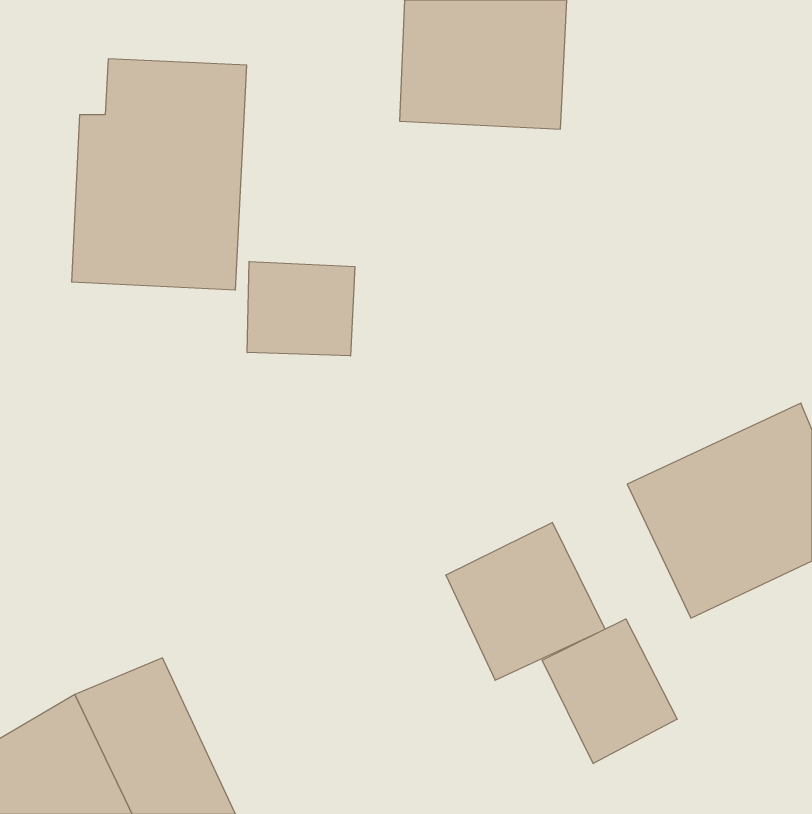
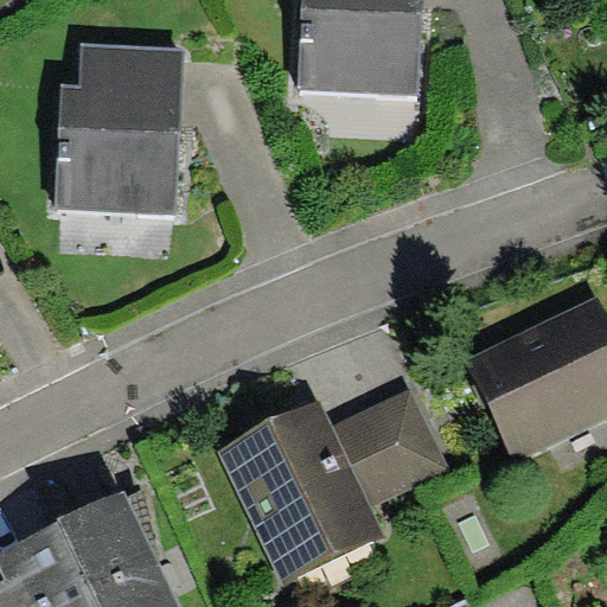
building: [247,261,355,356] -> none
building: none -> [218,403,384,587]
building: [542,619,677,764] -> none

